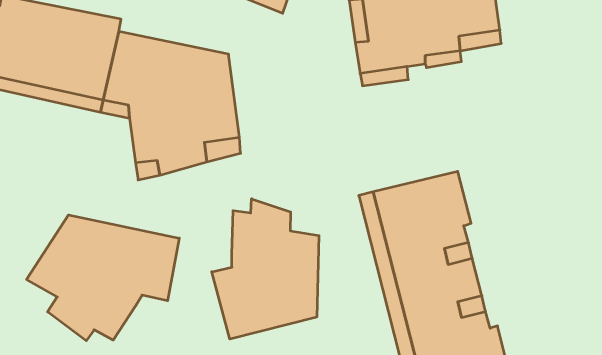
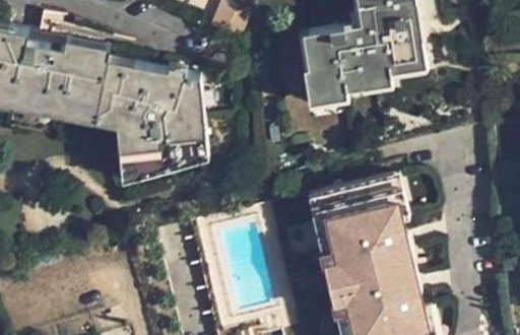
building: [212,199,319,339] -> none
building: [27,215,179,341] -> none

